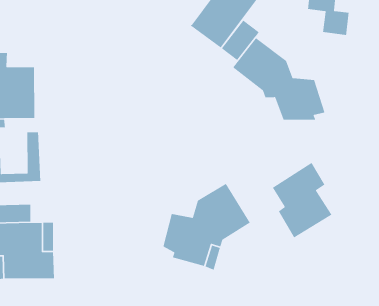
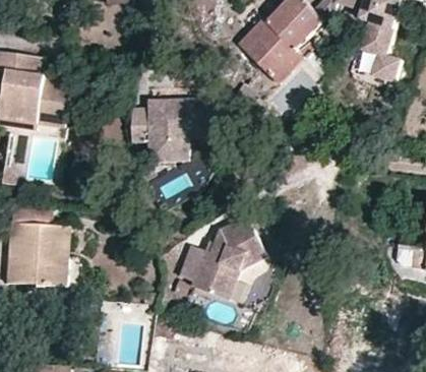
building: [232,37,326,121] -> none
building: none -> [129,101,207,165]
building: [272,162,333,239] -> none

